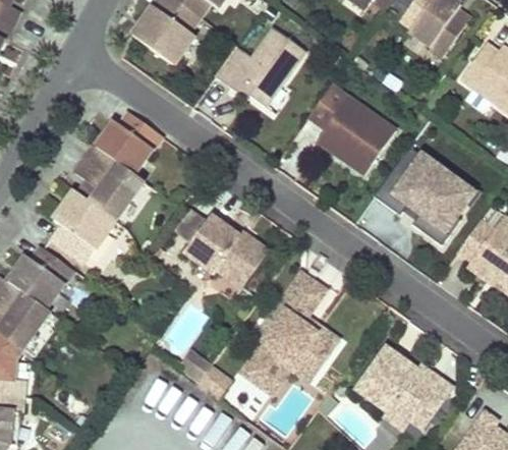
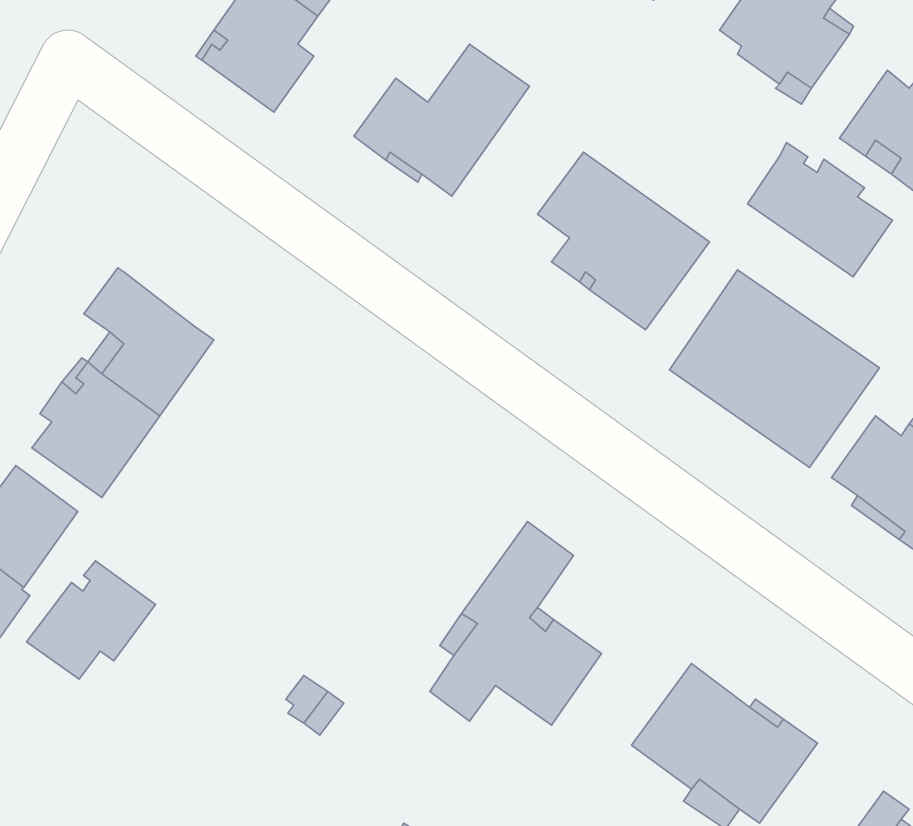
building: none -> [748,143,892,277]
building: [97,112,161,173] -> none
building: [185,215,270,287] -> none
building: none -> [27,561,156,679]
building: [243,356,315,393] -> none

